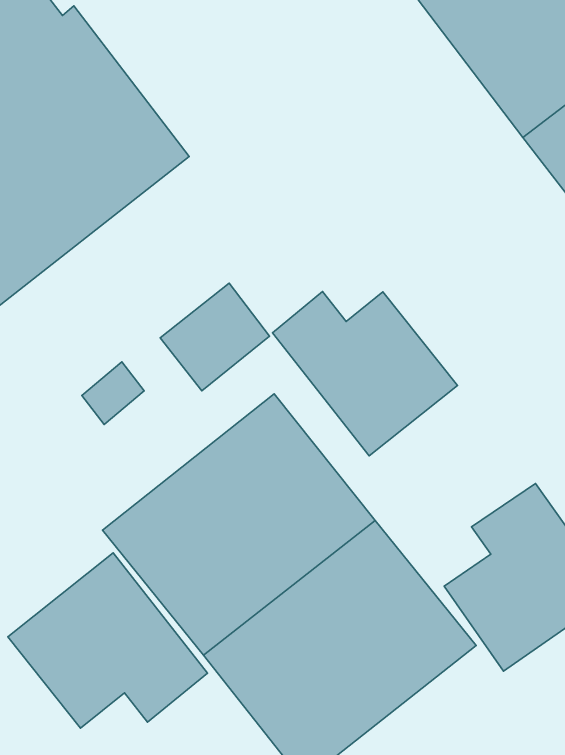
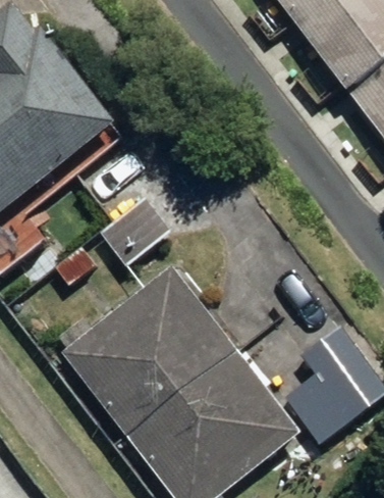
building: [273,291,457,456] -> none
building: [8,553,207,728] -> none

